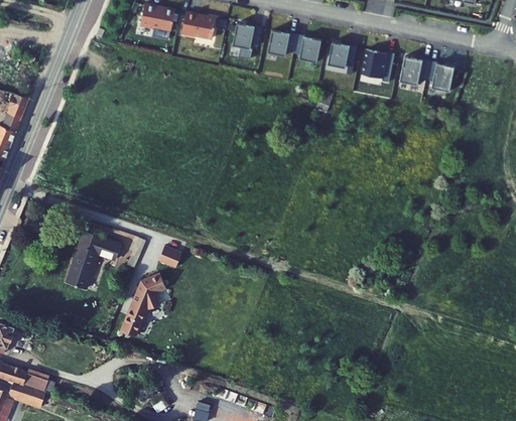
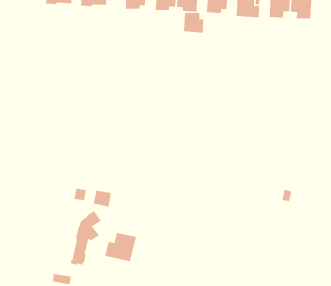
building: none -> [183,12,204,33]
building: [72,237,126,292] -> none
building: none -> [104,232,137,262]

